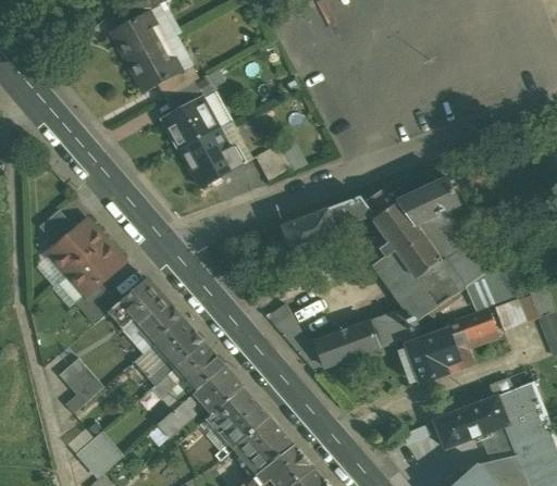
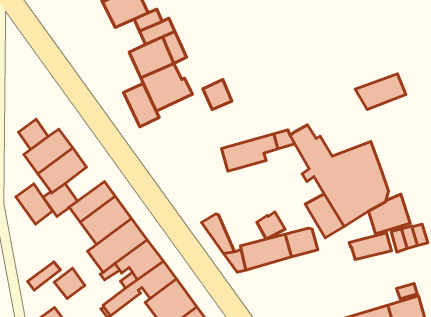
building: none -> [124,83,159,127]
building: [399,177,460,223] -> [355,74,406,109]
building: [375,249,410,283] -> [257,212,285,239]
building: none -> [16,184,53,224]
building: [407,329,458,381] -> none
building: [58,358,95,395] -> [54,268,85,299]

